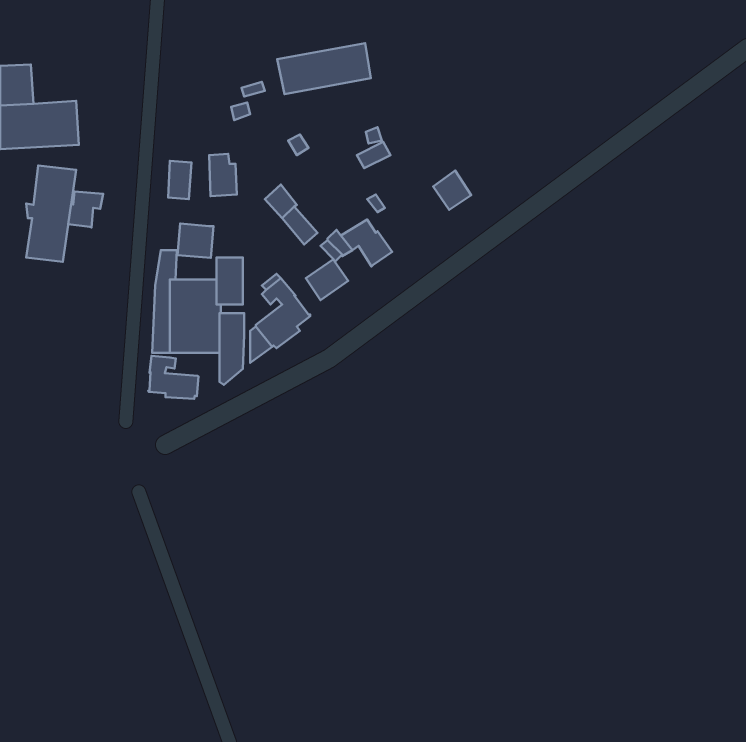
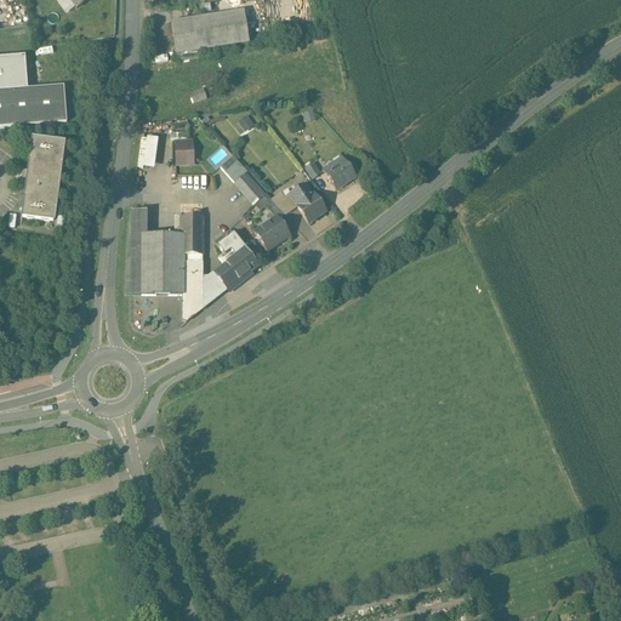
building: [277,43,371,94] -> [172,8,250,51]
building: [433,170,471,210] -> [324,154,355,187]
building: [68,192,103,228] -> none
building: [178,224,213,258] -> none
building: [148,356,198,399] -> none

